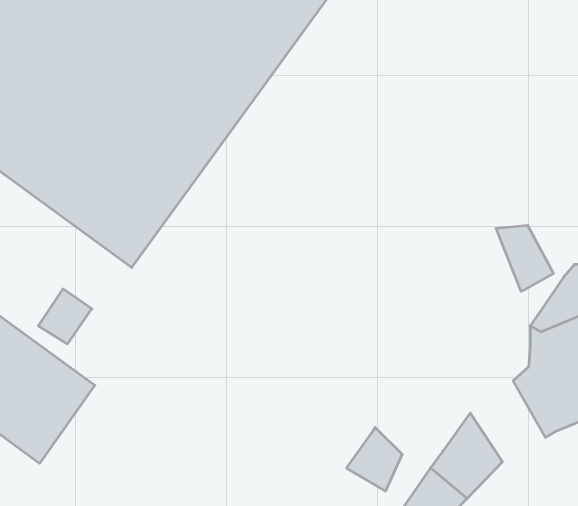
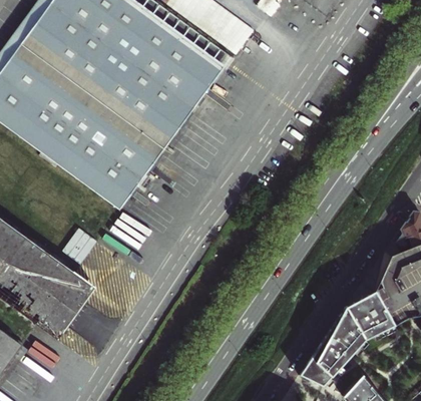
building: [496,225,553,291] -> none
building: none -> [345,288,394,341]
building: [347,427,402,491] -> none

